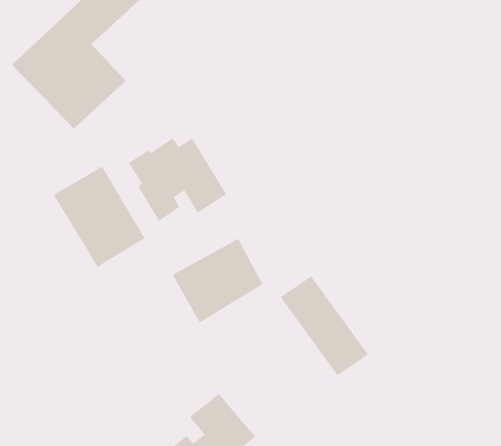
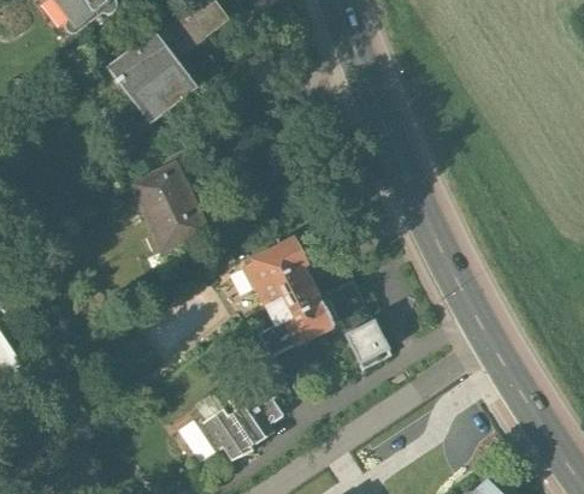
building: [128,138,227,222] -> none
building: none -> [247,284,326,355]

